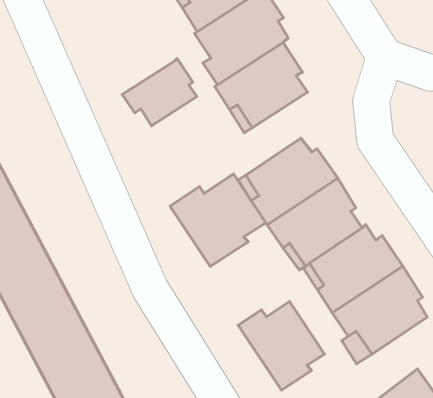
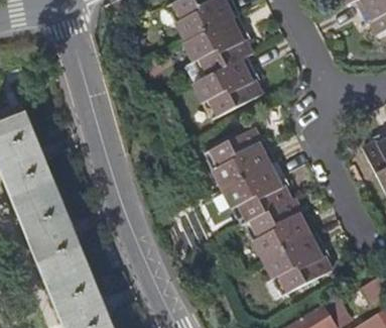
building: [122,59,197,126] -> none
building: [170,174,266,267] -> none
building: [238,301,325,390] -> none

